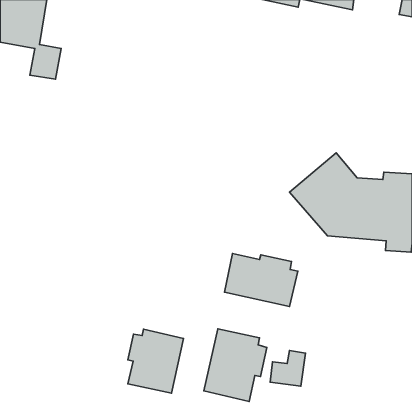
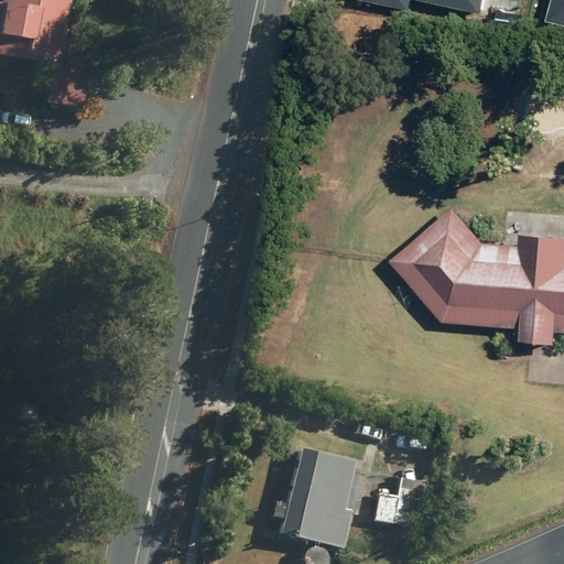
building: [224,254,298,306] -> none
building: [128,329,184,393] -> none

